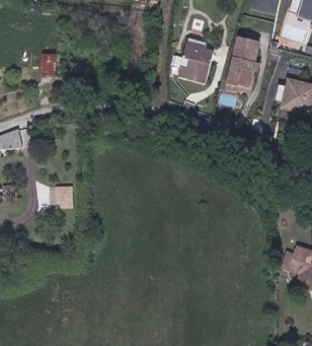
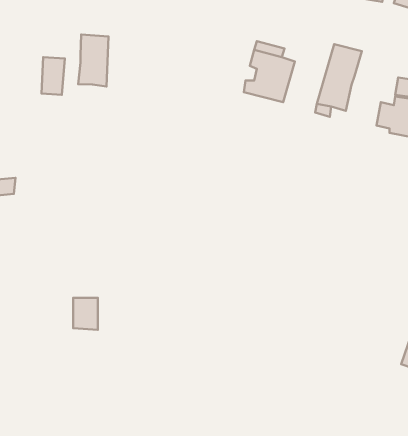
building: none -> [78,34,109,86]
building: [53,185,70,207] -> [73,298,98,330]

